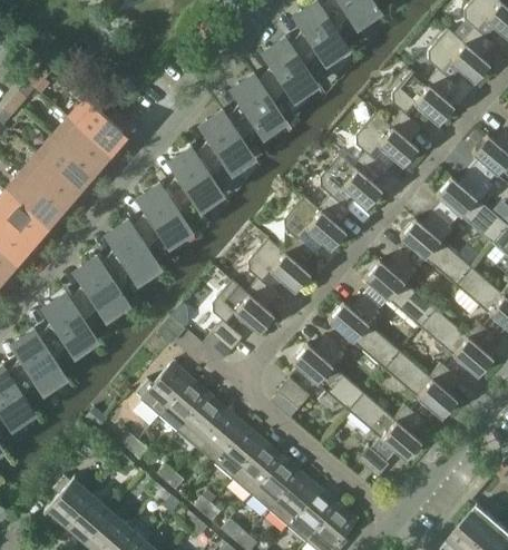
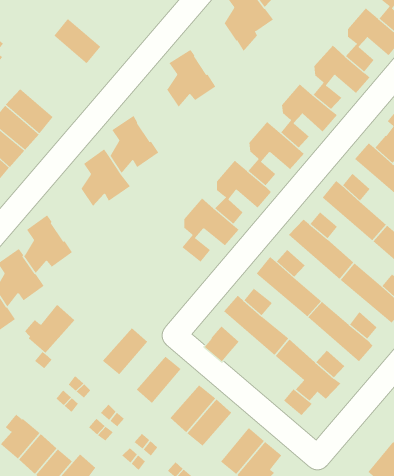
building: [262,40,316,105] -> none
building: [70,101,123,151] -> [53,18,101,64]
building: [199,112,254,178] -> none
building: [105,223,160,287] -> none
building: [212,282,275,353] -> none
building: [137,364,193,419] -> [24,304,75,354]
building: [179,397,229,450] -> none
building: [215,428,266,481] -> none
building: [271,475,321,529] -> none

